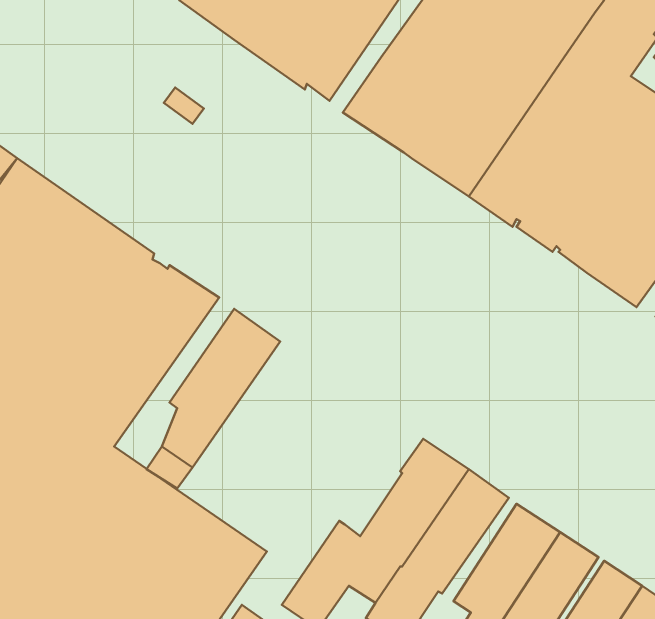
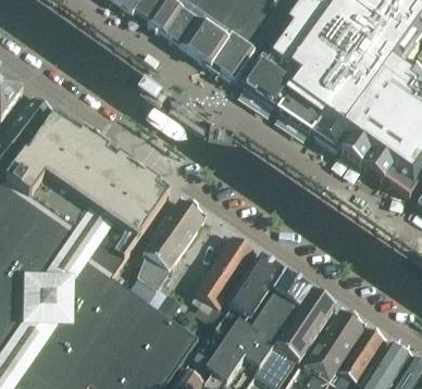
building: none -> [195,234,255,306]
building: none -> [226,253,282,319]

